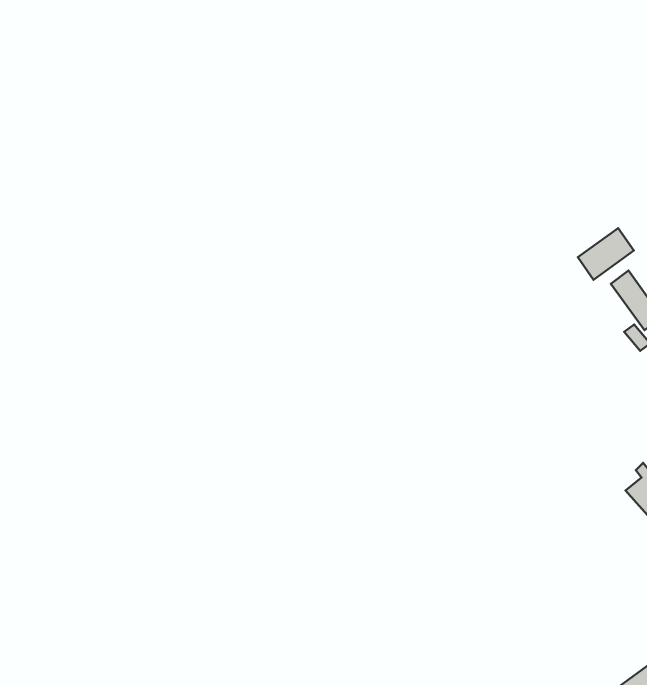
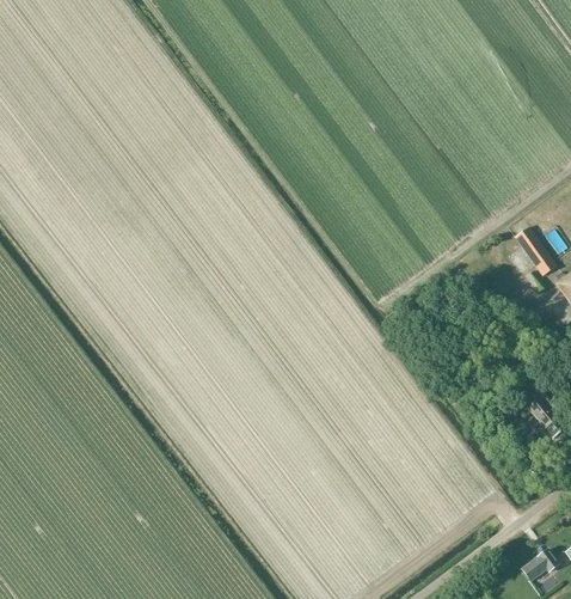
building: [578,228,634,280] -> none

